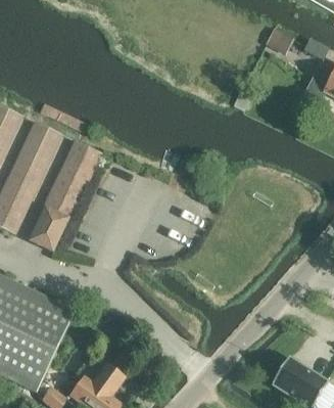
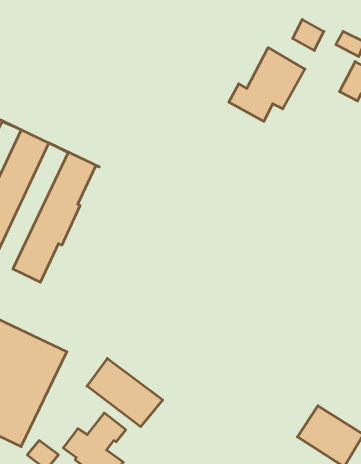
building: none -> [229,48,305,121]
building: none -> [87,358,163,427]

